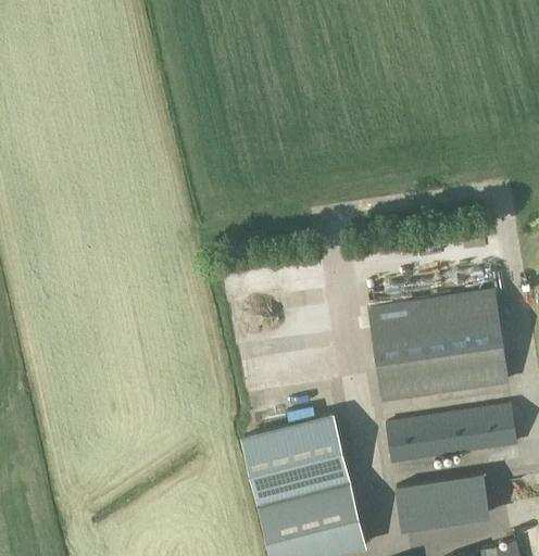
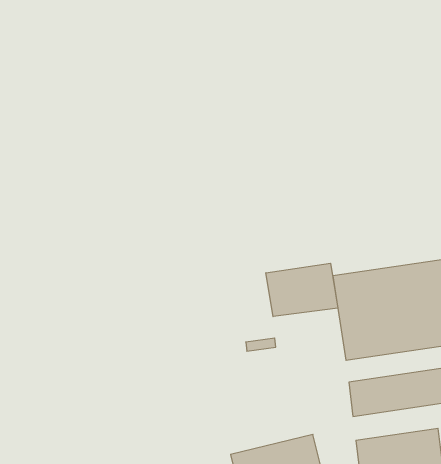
building: none -> [266,263,338,317]
building: [243,416,348,503] -> none

